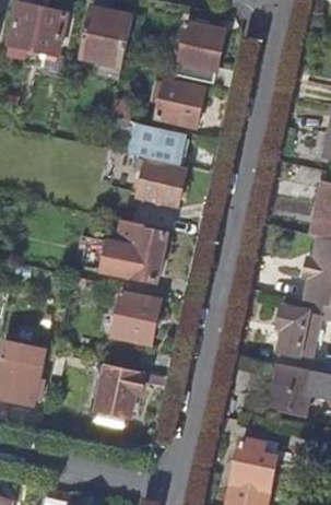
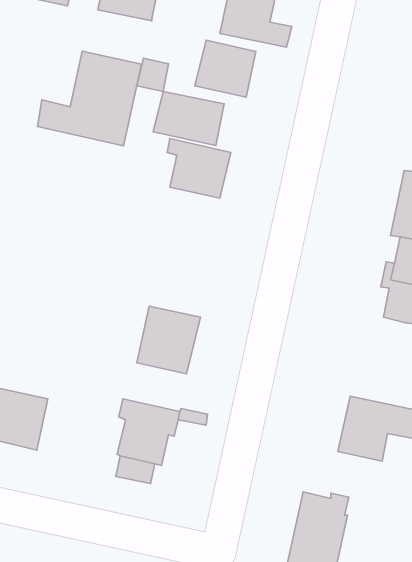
building: none -> [37,51,142,146]
building: [102,219,166,281] -> none
building: [279,295,322,356] -> none

